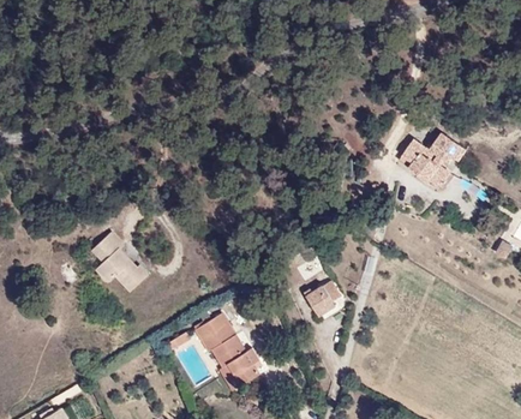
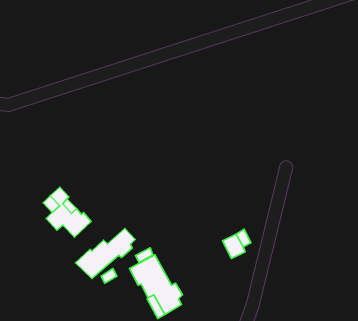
building: [396,131,462,187] -> none
building: none -> [76,228,135,279]

